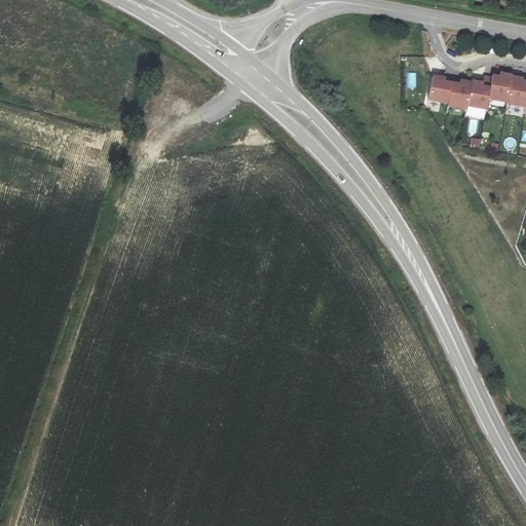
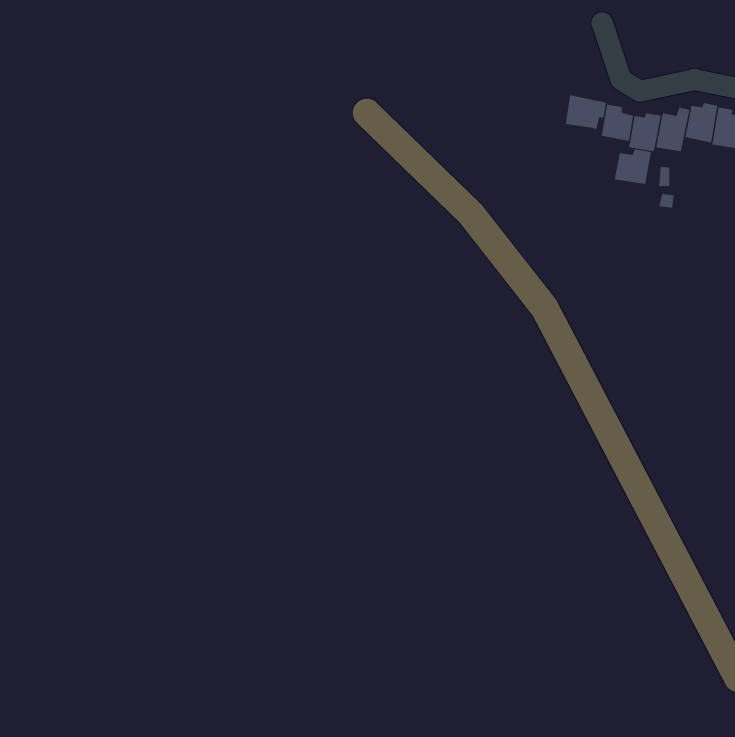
building: none -> [565,95,607,130]
building: none -> [614,148,652,185]

